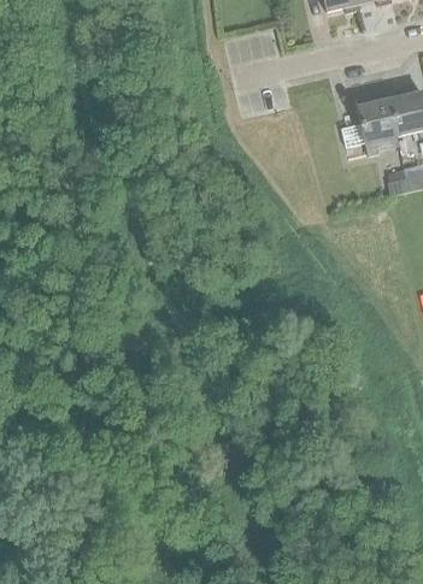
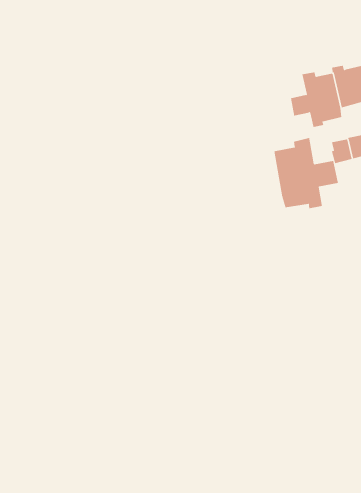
building: none -> [274,137,338,209]

